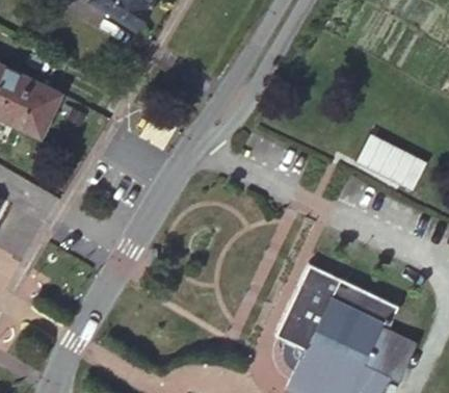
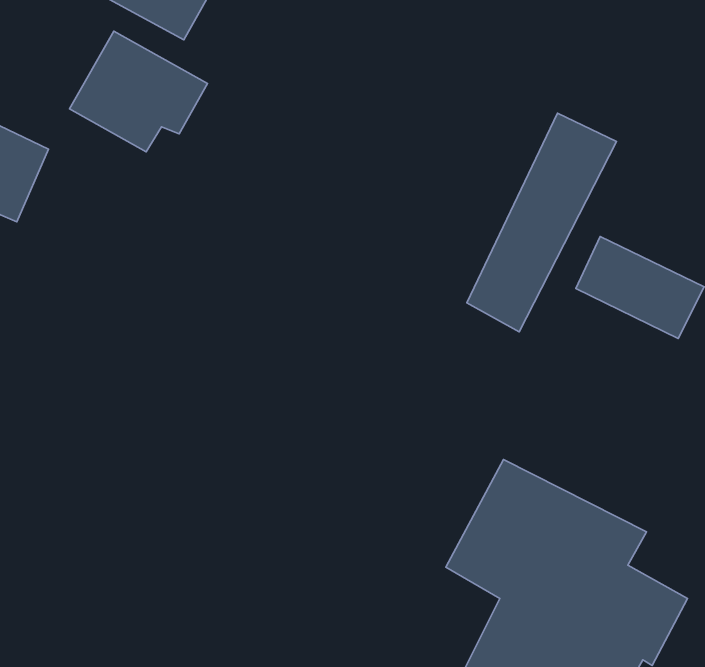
building: none -> [69,31,207,152]
building: none -> [467,113,617,332]

